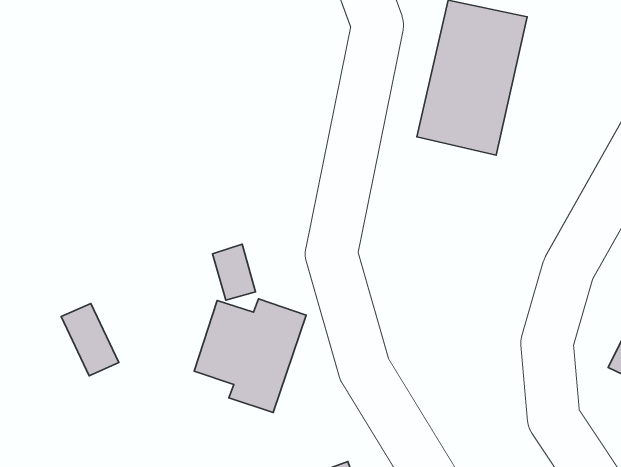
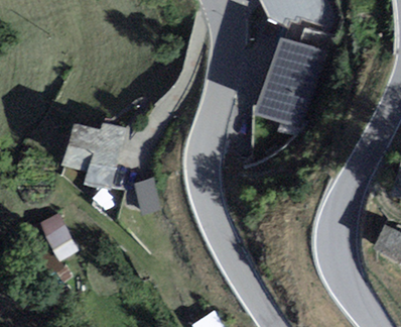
building: [194,299,306,413] -> [60,123,129,193]

